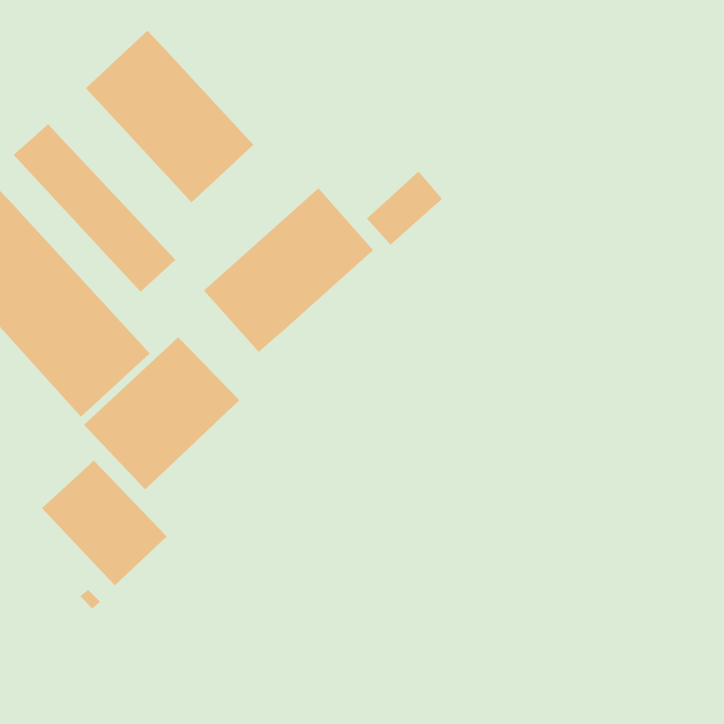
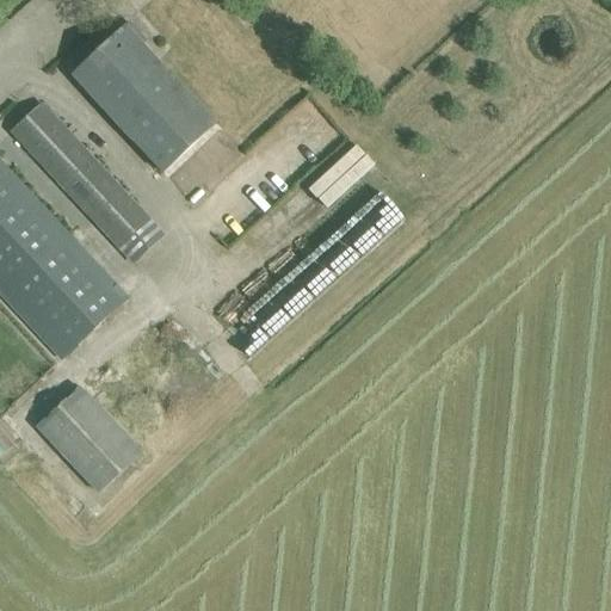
building: [203,187,374,353] -> none
building: [83,337,240,490] -> none

